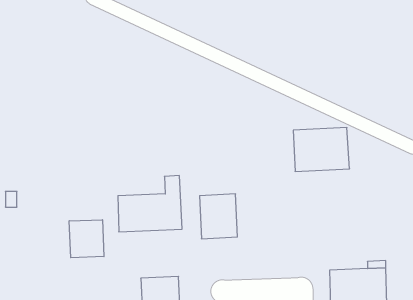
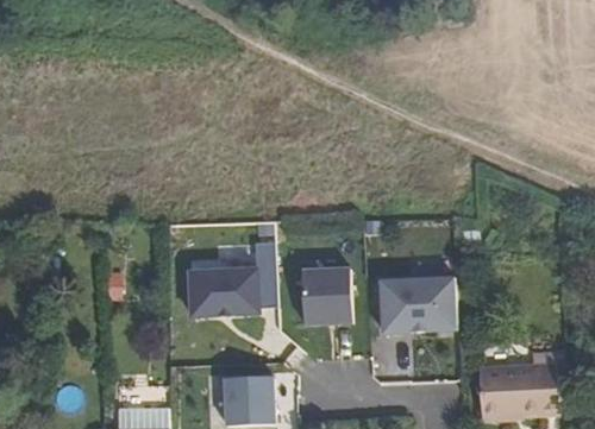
building: [293,128,350,171] -> [380,276,456,335]
building: [69,220,104,258] -> none

